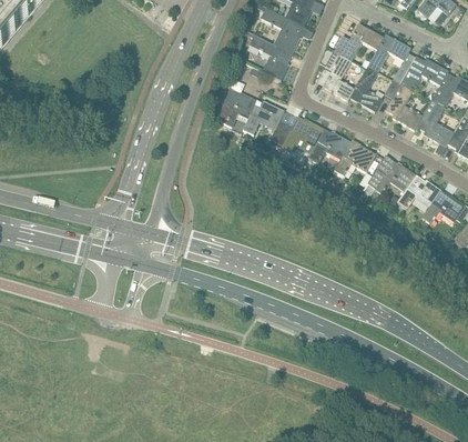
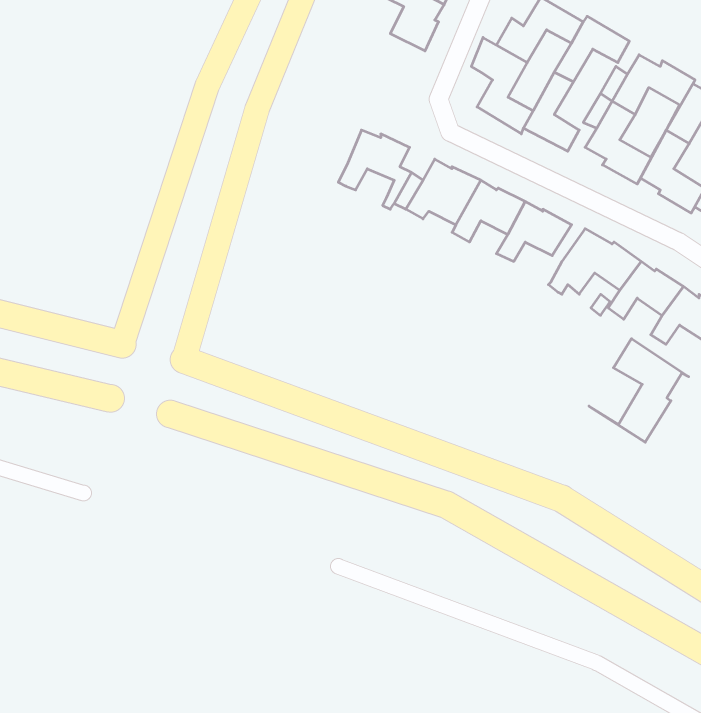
building: [248,33,293,80] -> none
building: [216,86,256,125] -> none
building: none -> [589,339,689,442]

